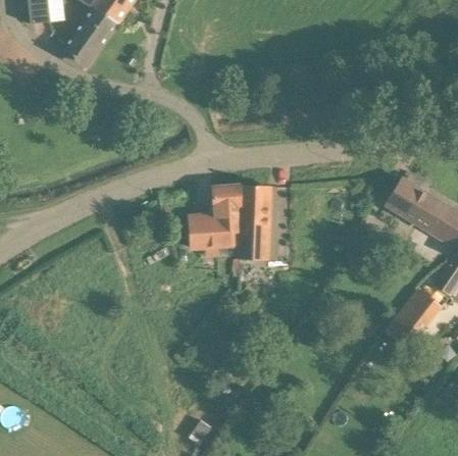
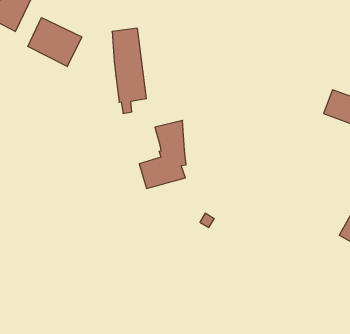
building: none -> [28,18,82,67]
building: [239,186,270,271] -> [112,28,146,113]

